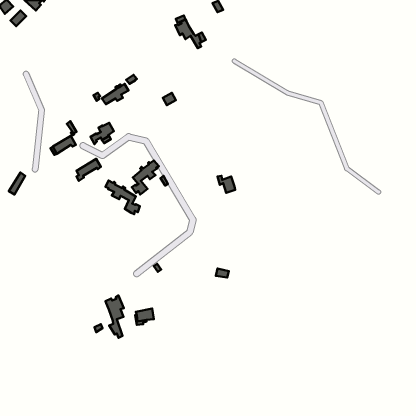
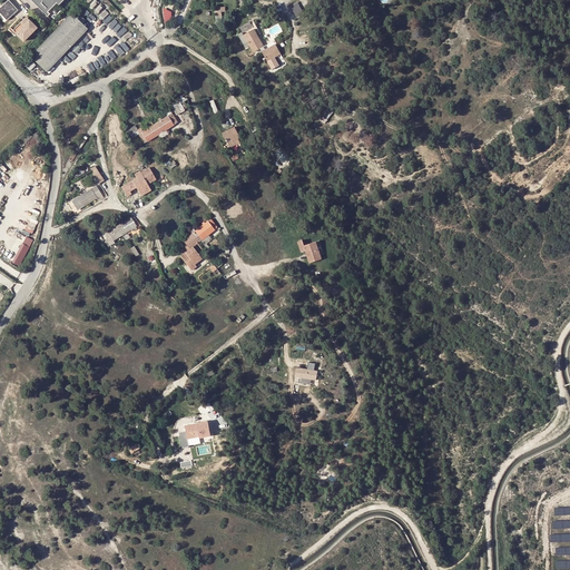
building: none -> [28,12,86,70]
building: [106,181,140,214] -> none
building: [105,296,124,338] -> none

